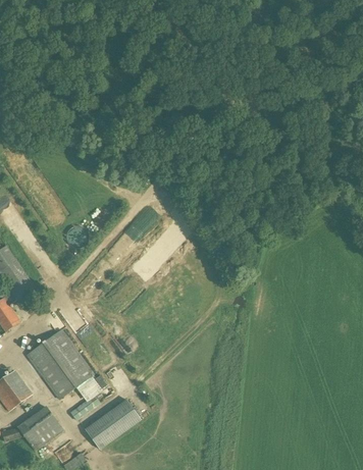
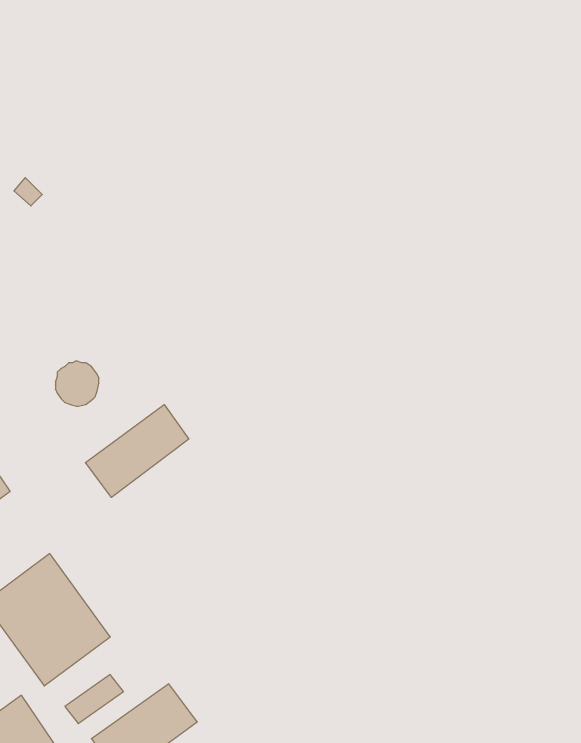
building: none -> [85,405,189,497]

